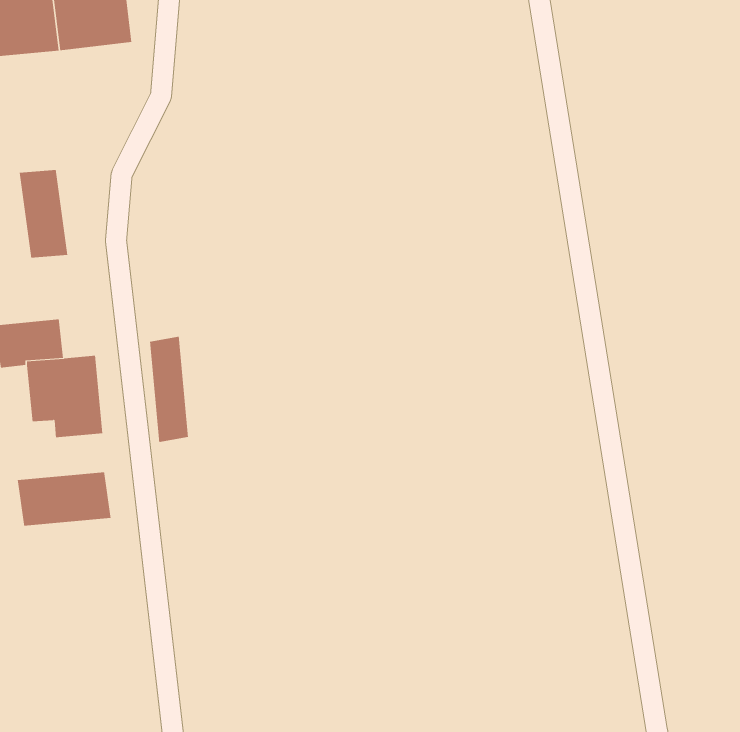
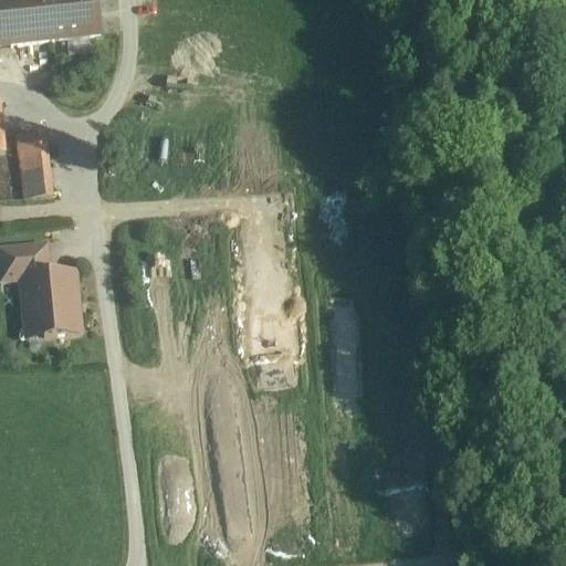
building: [149,336,188,443] -> none
building: [17,472,111,527] -> none

